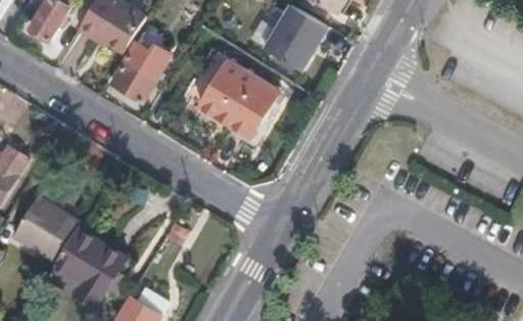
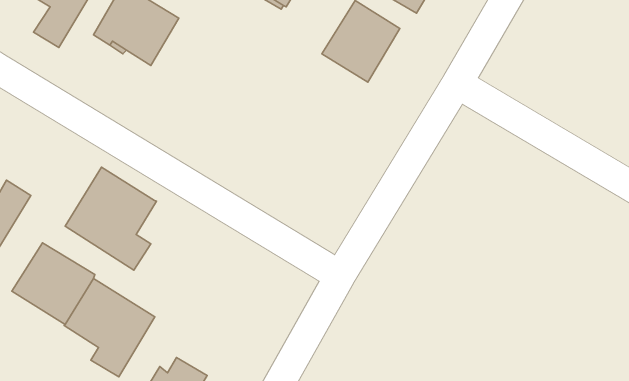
building: [110,44,171,103] -> none
building: [198,58,281,140] -> none
building: none -> [65,167,157,270]

